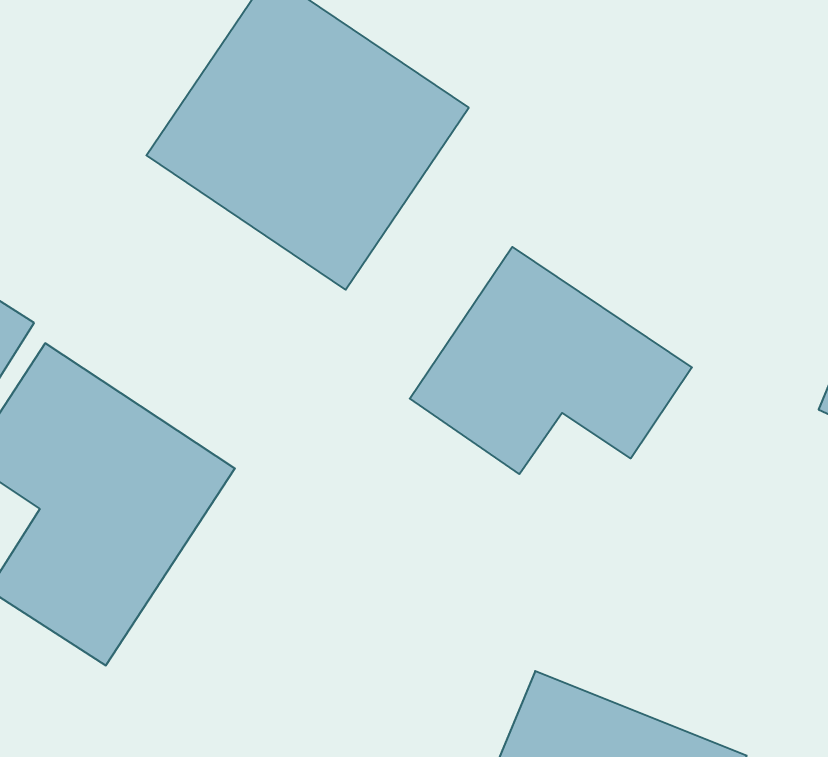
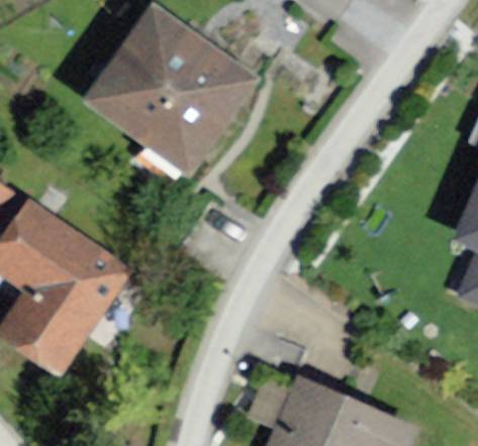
building: [410,247,692,474] -> none

